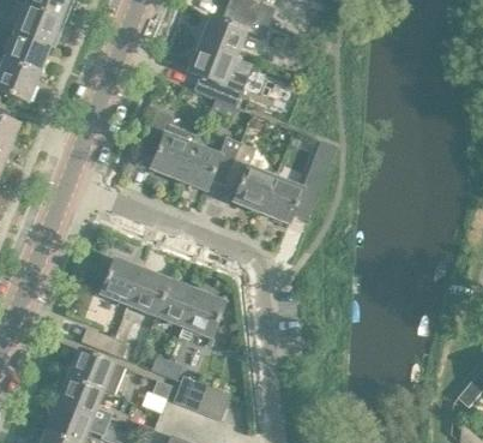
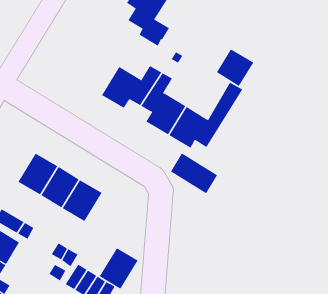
building: none -> [216,49,254,87]
building: [140,109,195,180] -> none
building: none -> [170,152,218,194]
building: [183,291,225,337] -> [99,247,139,289]

